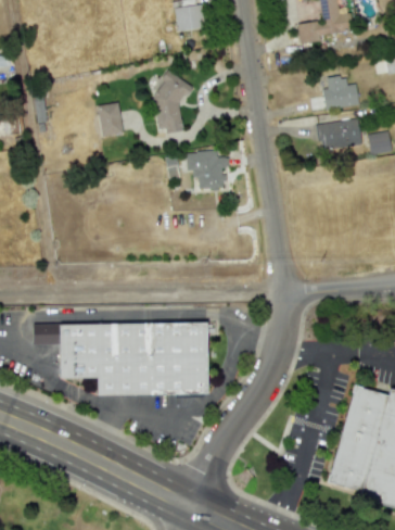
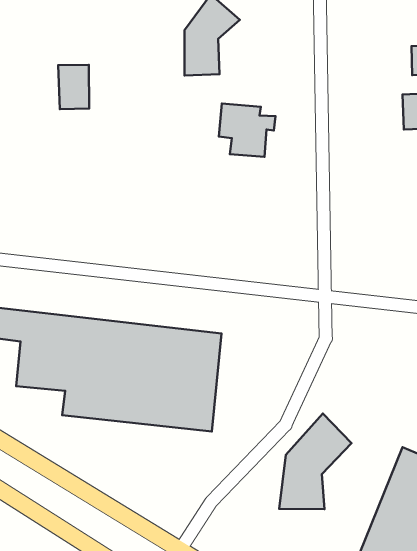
building: [97,102,124,138] -> [58,65,89,109]
building: none -> [279,414,352,509]

